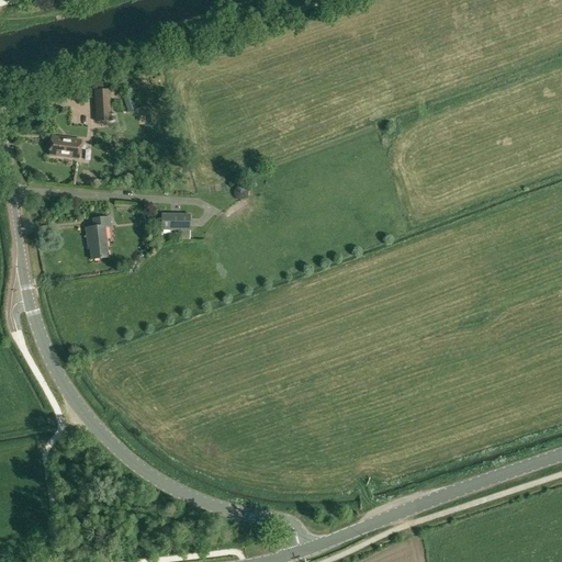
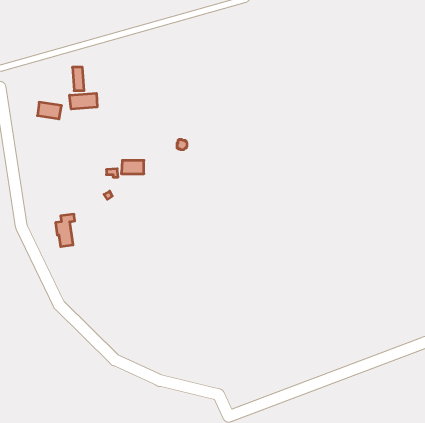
building: none -> [70,93,97,109]
building: [86,215,111,258] -> [56,214,75,247]

